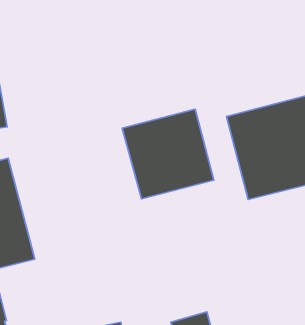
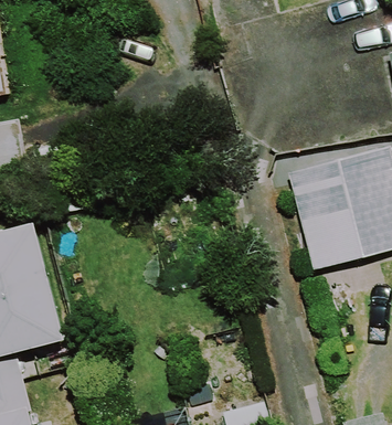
building: [122,109,214,199] -> none

